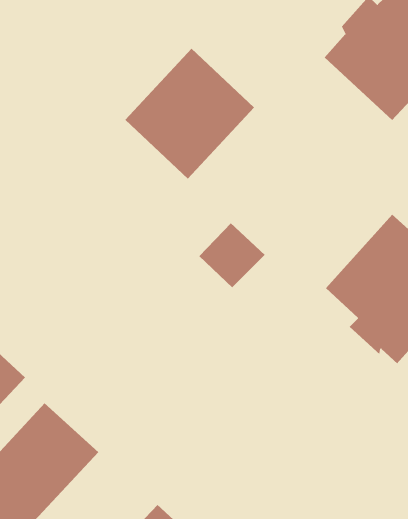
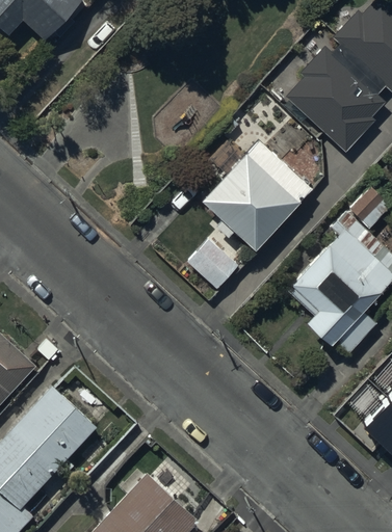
building: [124,48,255,179] -> [202,140,311,250]

